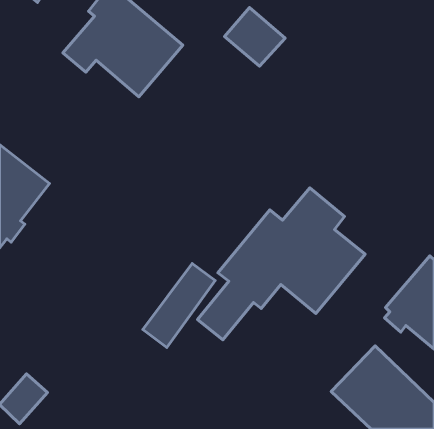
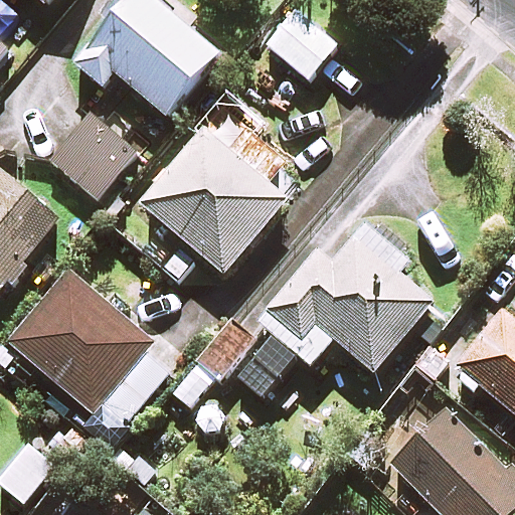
building: none -> [50,111,137,197]
building: none -> [140,129,285,273]
building: none -> [8,271,176,421]

